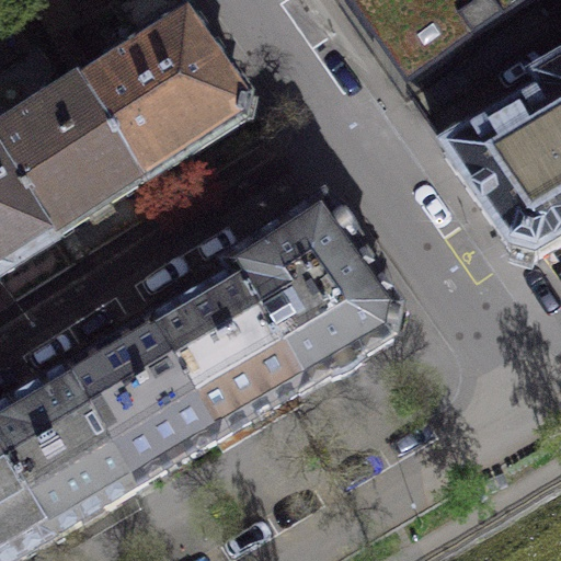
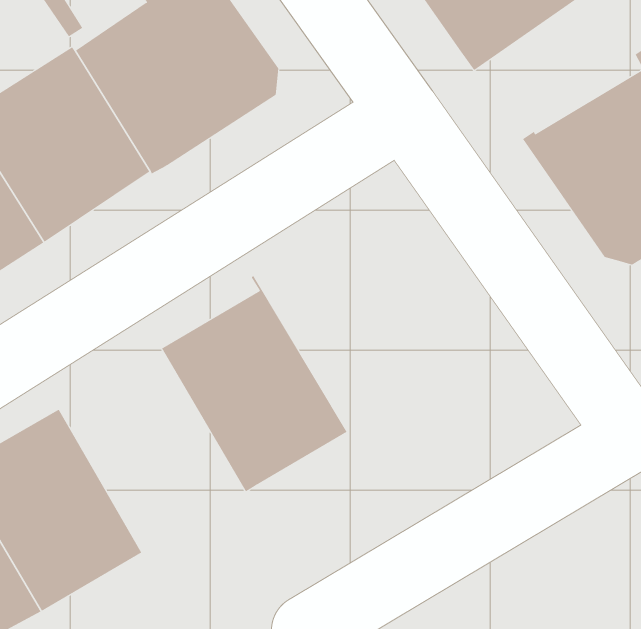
building: [226,195,399,385] -> none
building: [67,317,219,483] -> none

